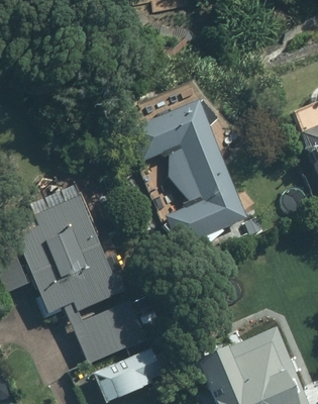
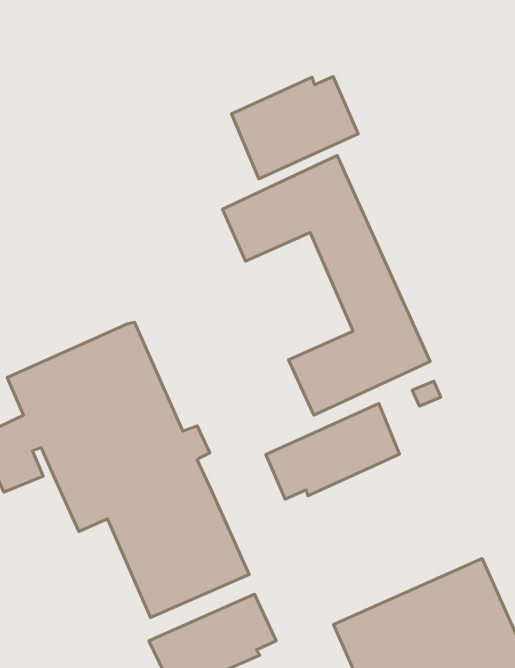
building: none -> [232,77,358,179]
building: none -> [266,403,399,499]

